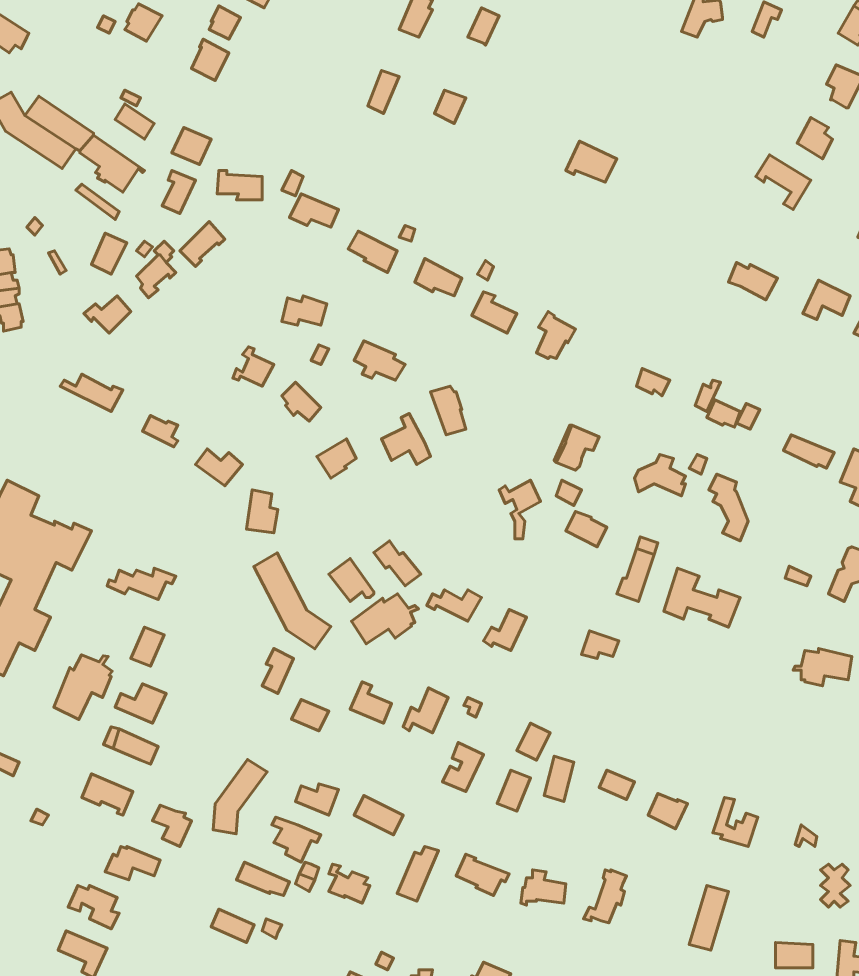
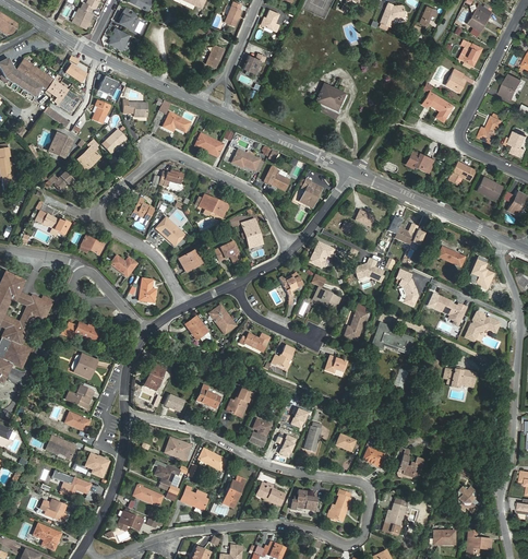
building: none -> [431,294,464,321]
building: [254,553,331,649] -> none
building: [351,594,419,644] -> none
building: [54,655,112,719] -> none
building: [213,760,267,834] -> none

